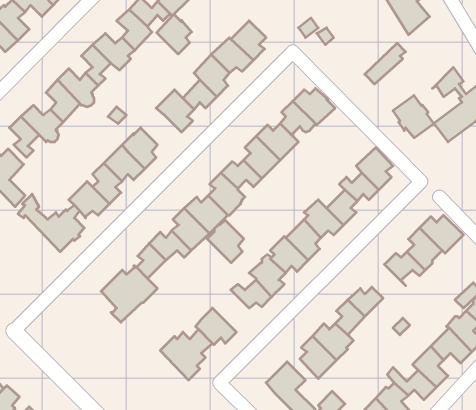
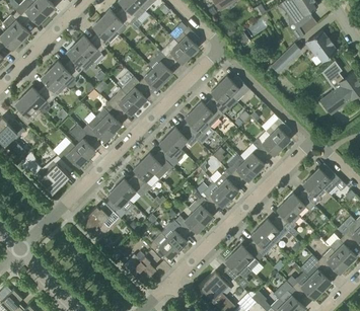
building: [157,14,192,54] -> none
building: [393,95,434,138] -> [307,31,337,62]
building: none -> [107,90,139,116]
building: [207,220,244,263] -> [161,221,188,251]
building: none -> [276,203,300,233]

